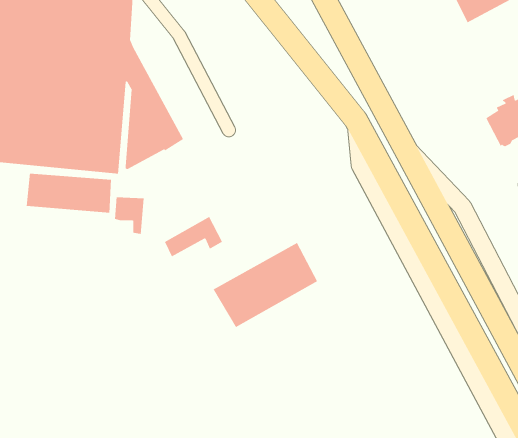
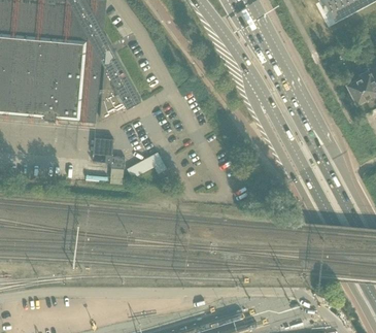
building: [26,173,111,213] -> none
building: [213,242,318,328] -> none

